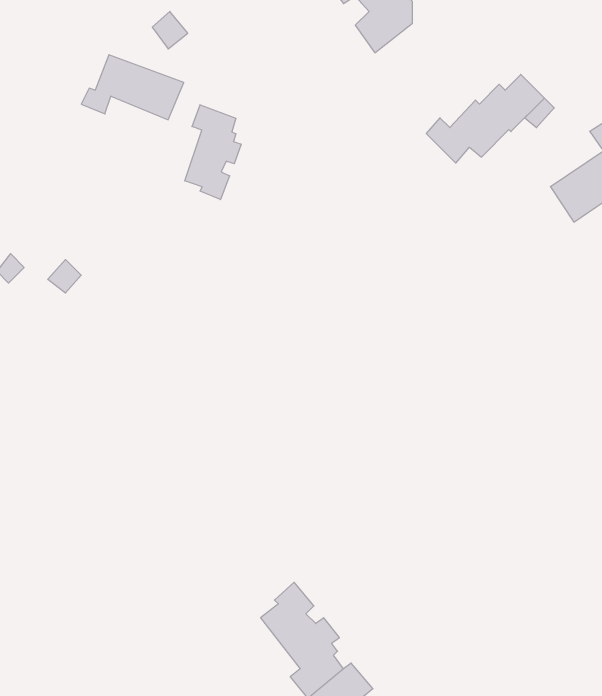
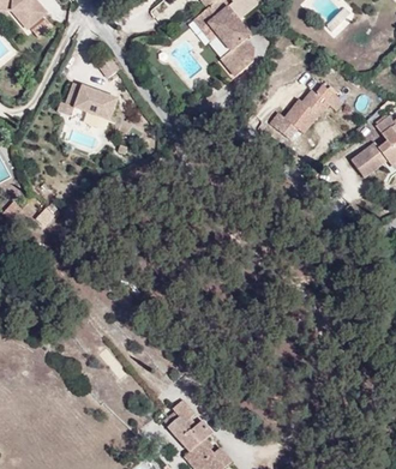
building: [185,105,241,200] -> none

